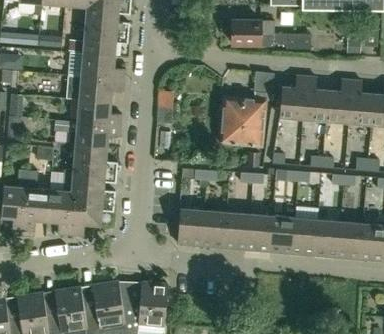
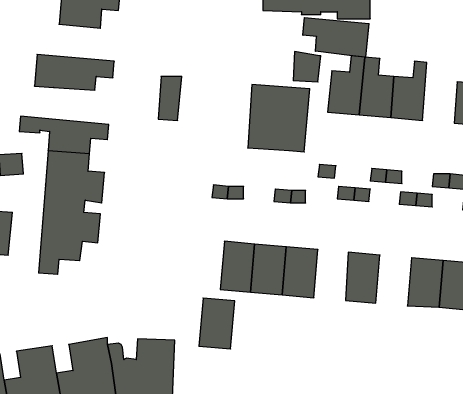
building: none -> [303,18,369,57]
building: [67,51,124,79] -> none
building: [347,80,372,124] -> none
building: [55,98,120,125] -> none
building: [46,168,73,233] -> none
building: [177,208,203,245] -> [199,298,235,349]
building: [268,216,293,253] -> none
building: [313,220,339,257] -> none

